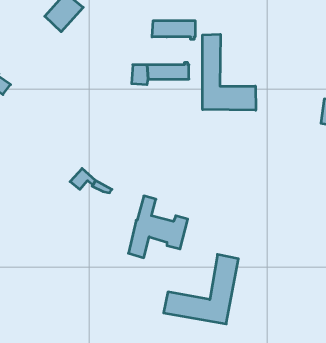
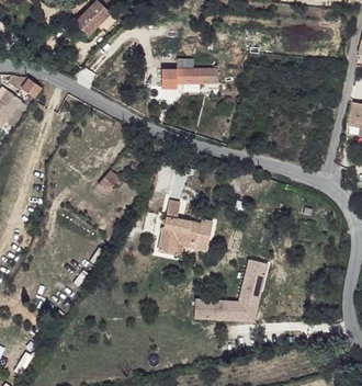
building: [152,21,195,39] -> none
building: [203,34,256,110] -> none

